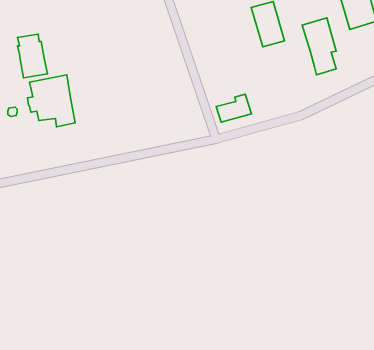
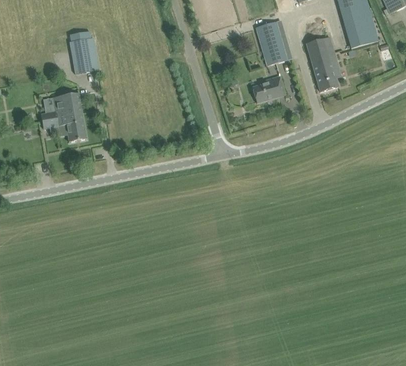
building: [17,34,47,78] -> [70,31,99,73]
building: [216,94,251,122] -> [252,75,286,102]

